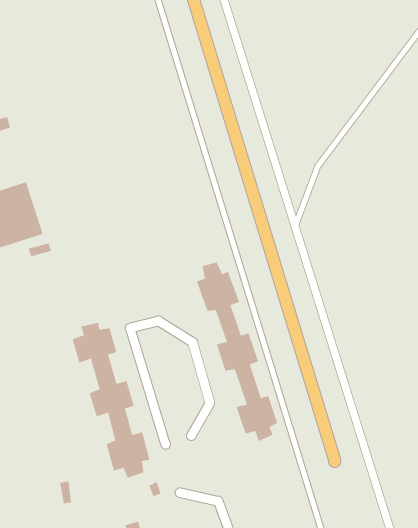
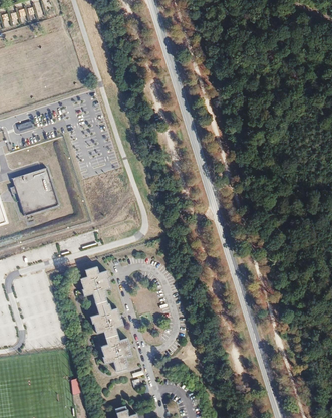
building: [196,262,278,442] -> none

